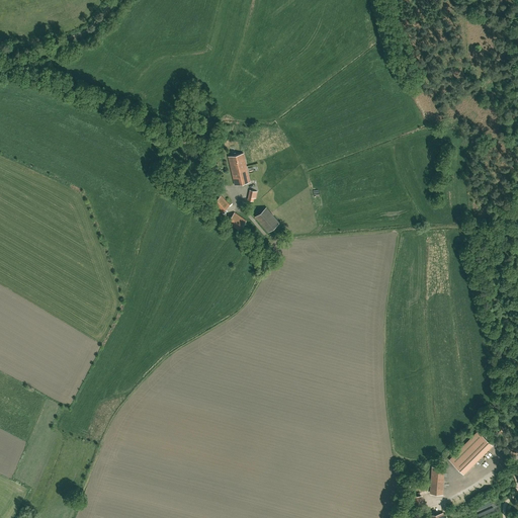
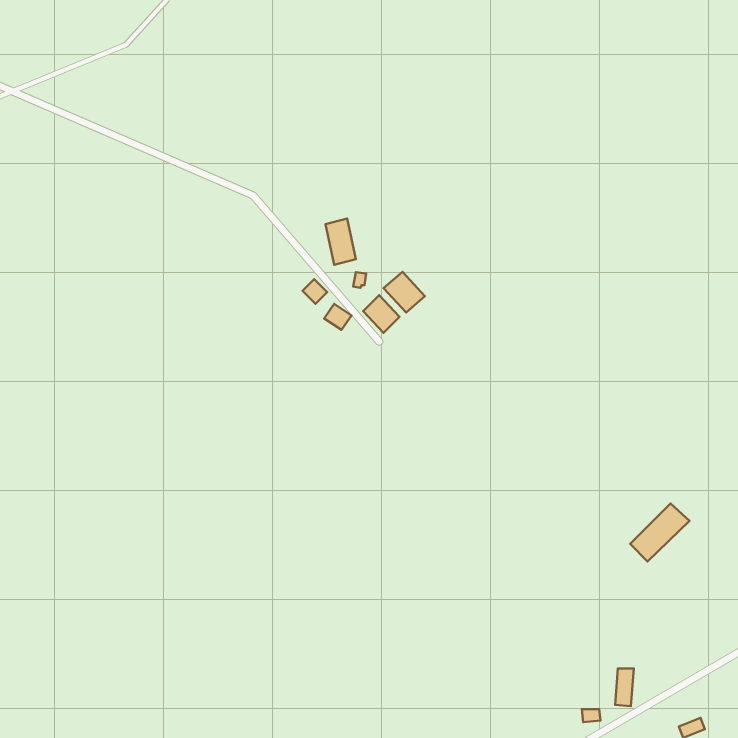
building: none -> [384,272,425,312]
building: [448,433,490,473] -> [630,503,689,561]

